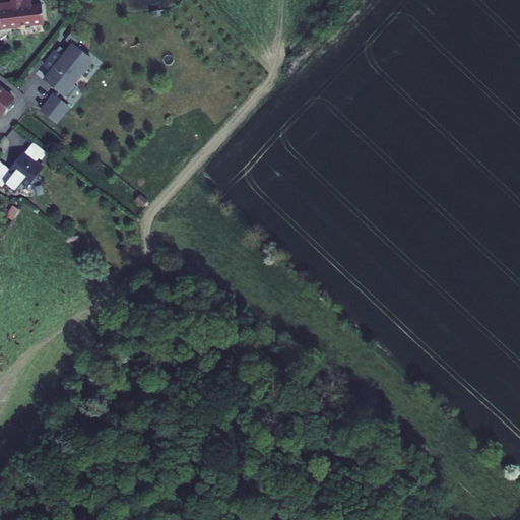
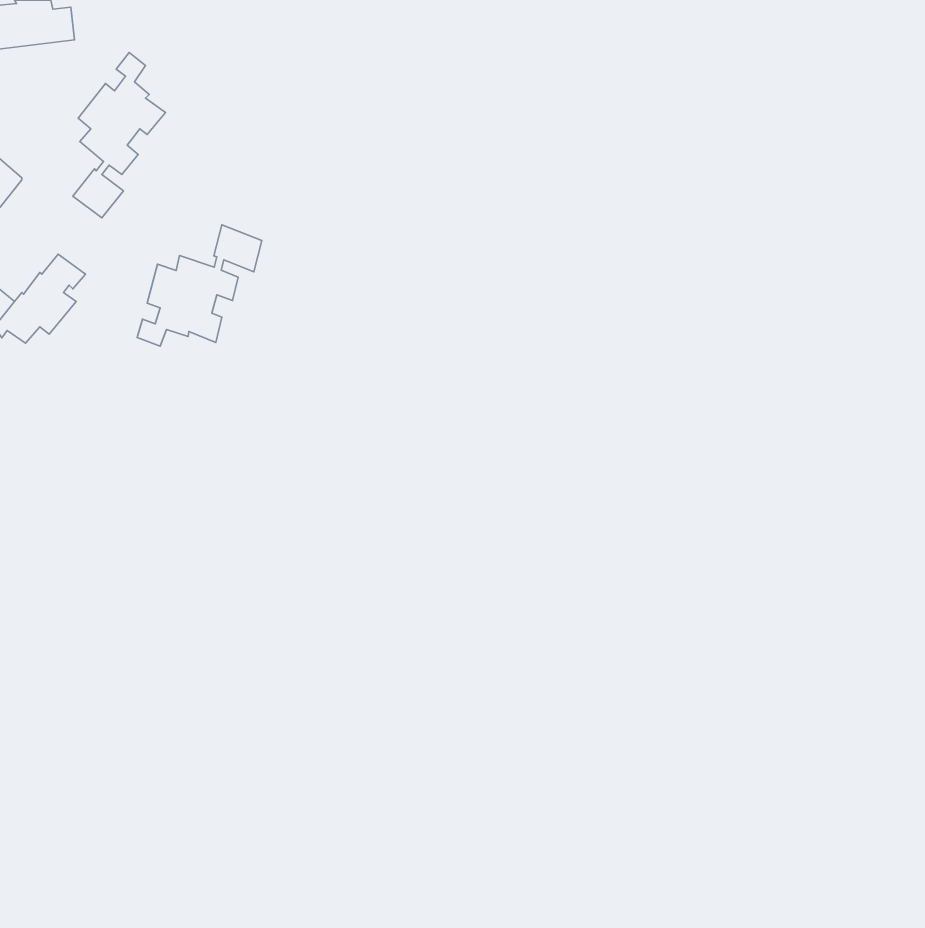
building: none -> [137,225,262,346]

